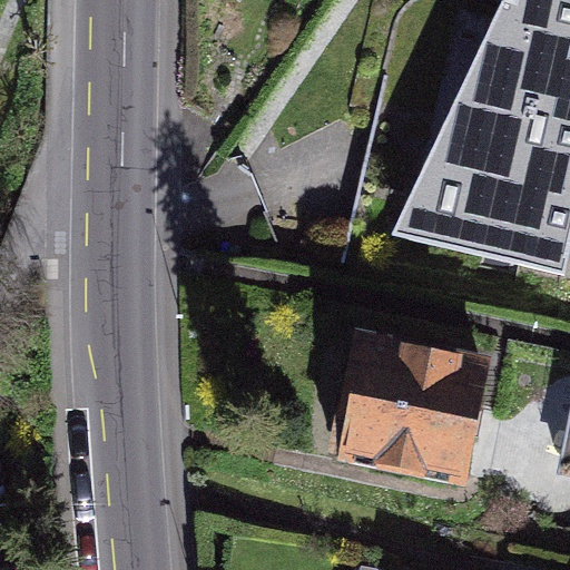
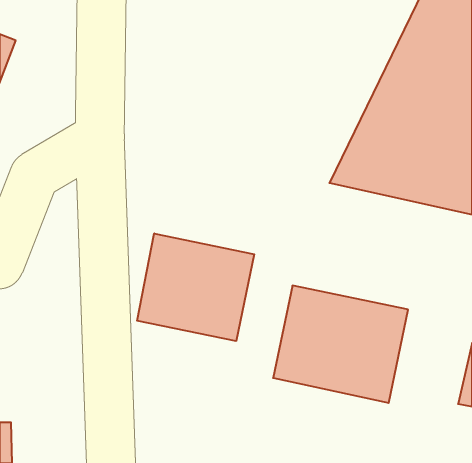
building: none -> [137,233,254,341]

